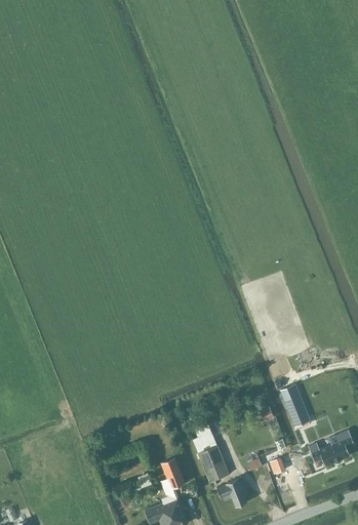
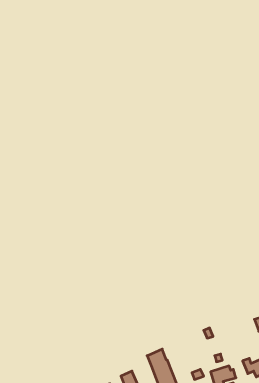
building: [280,385,309,430] -> none

